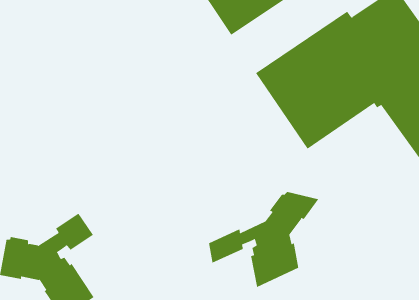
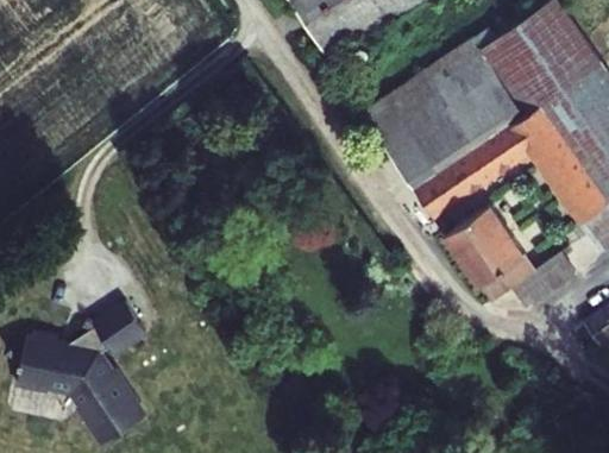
building: none -> [446,203,576,306]
building: [208,191,319,288] -> none

